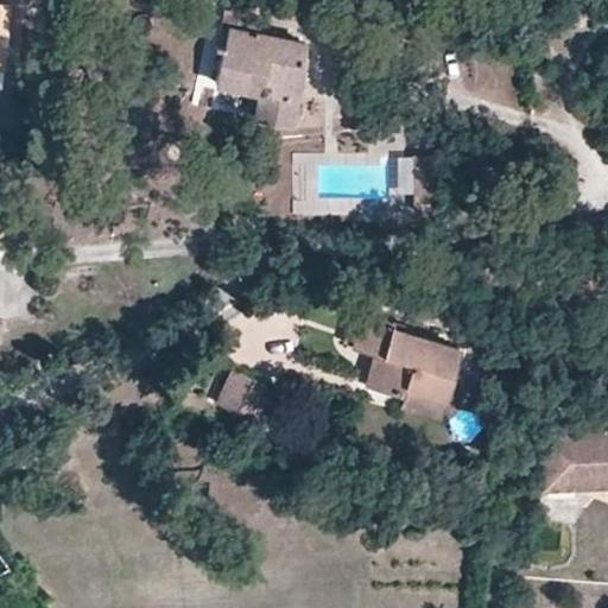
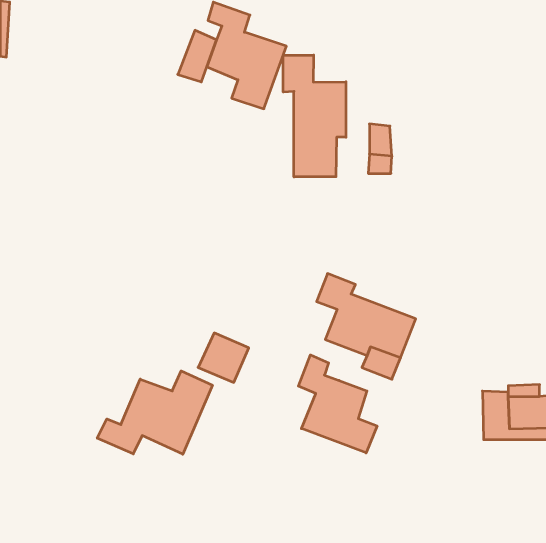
building: none -> [283,55,346,177]
building: none -> [298,355,377,453]
building: none -> [97,371,212,454]

